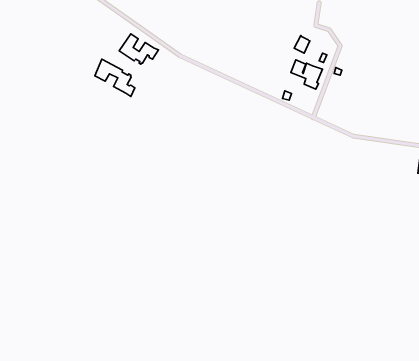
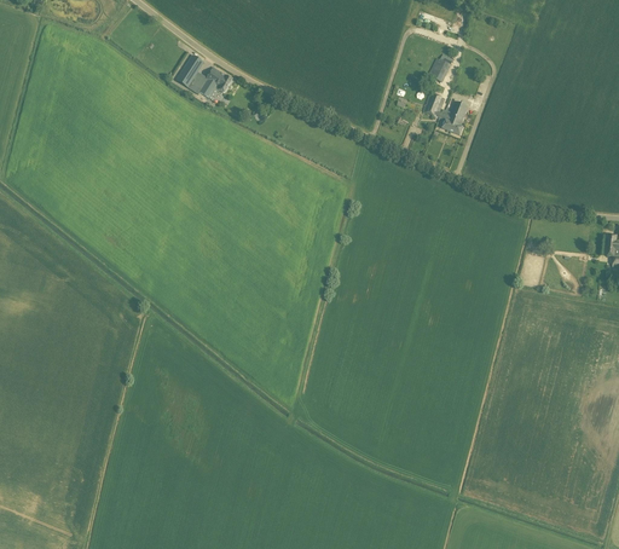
building: [95,59,135,96] -> none

